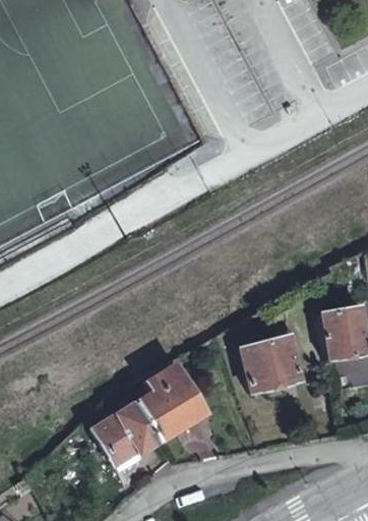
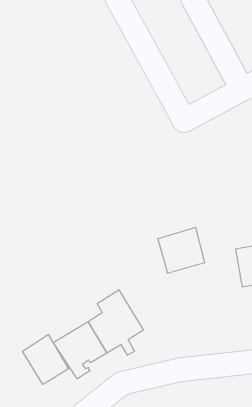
building: [240,333,299,390] -> [158,228,205,273]
building: none -> [23,334,69,384]

